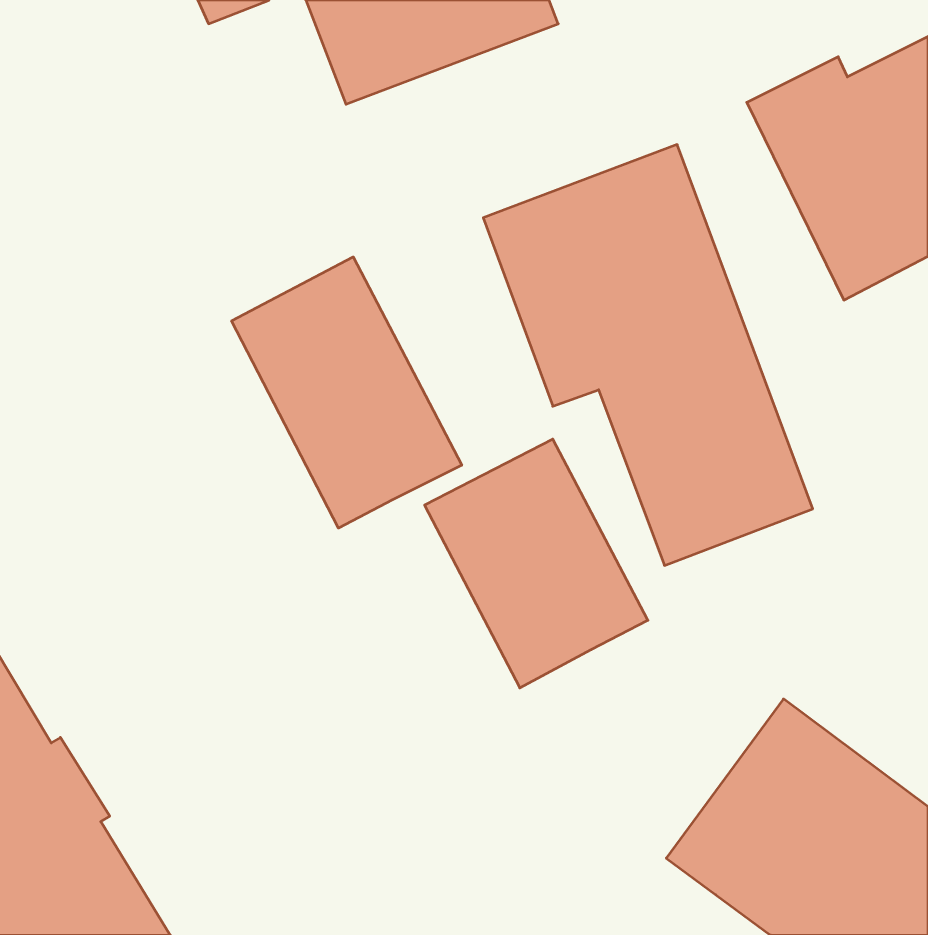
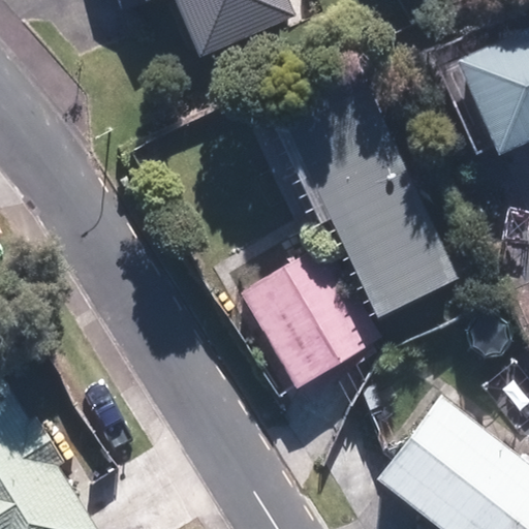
building: [232,257,462,528] -> none

